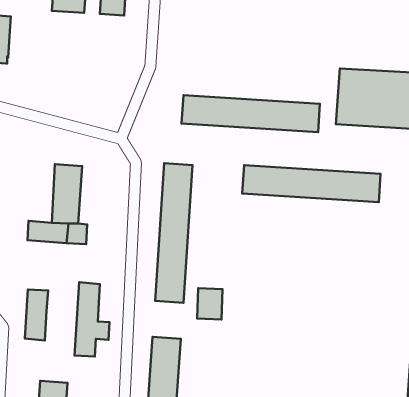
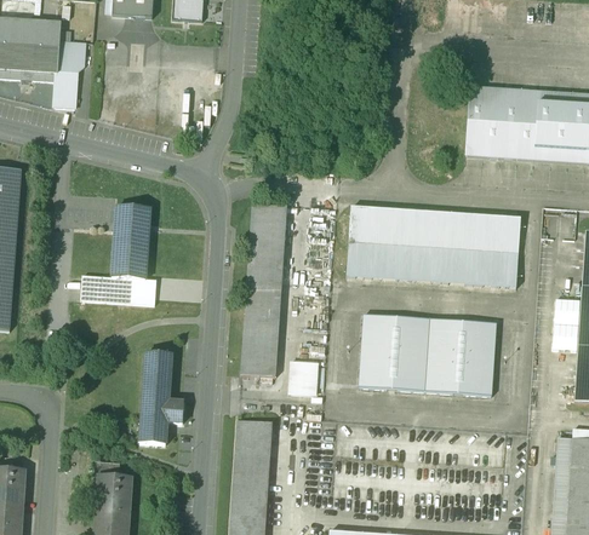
building: none -> [53,40,85,107]
building: [181,95,320,132] -> [345,241,517,287]
building: none -> [358,315,496,395]
building: [25,290,48,340] -> none

